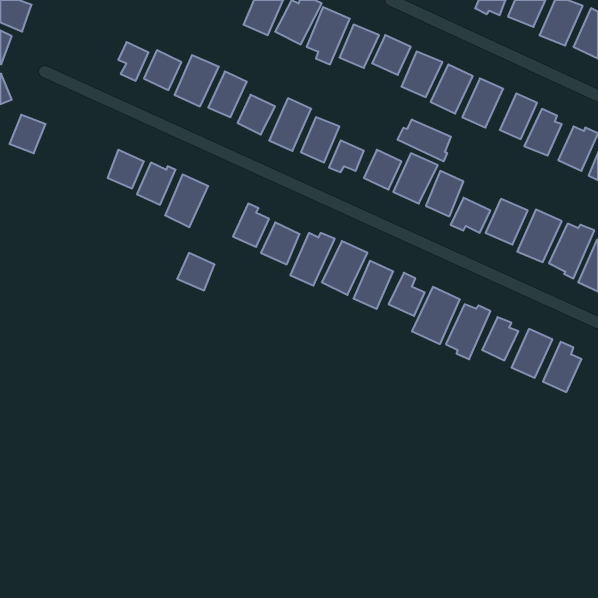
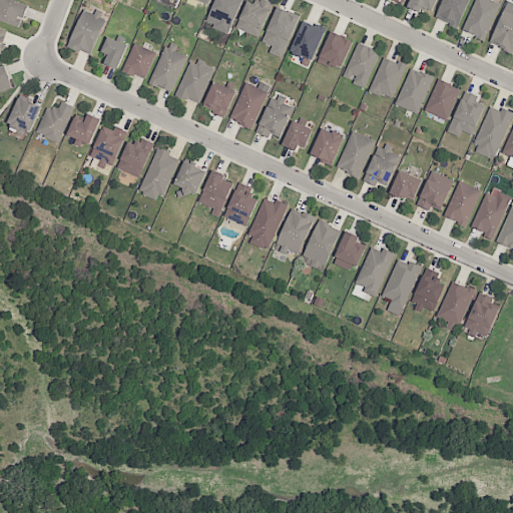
building: none -> [68,9,107,53]
building: none -> [35,102,75,145]
building: [398,119,451,161] -> none
building: none -> [68,114,98,143]
building: [177,253,215,290] -> [173,161,205,193]

